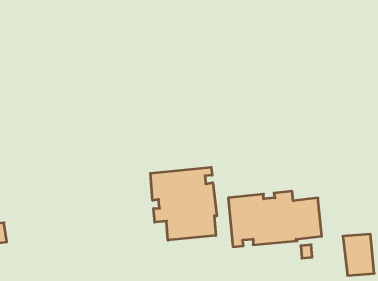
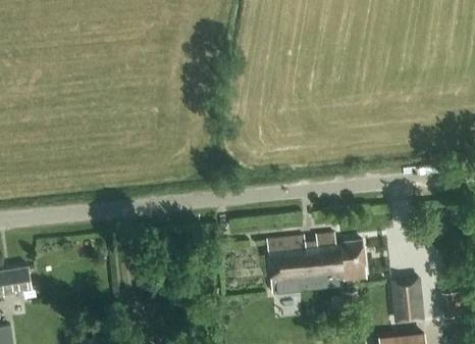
building: [150,167,217,240] -> none

